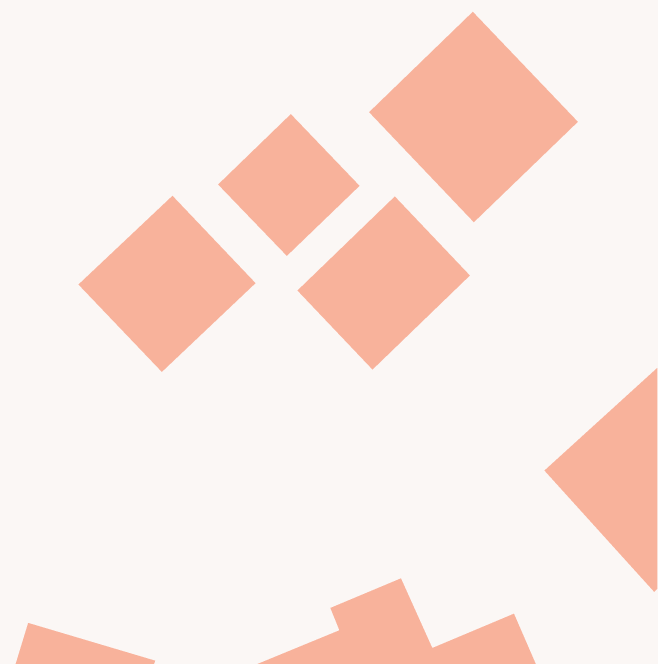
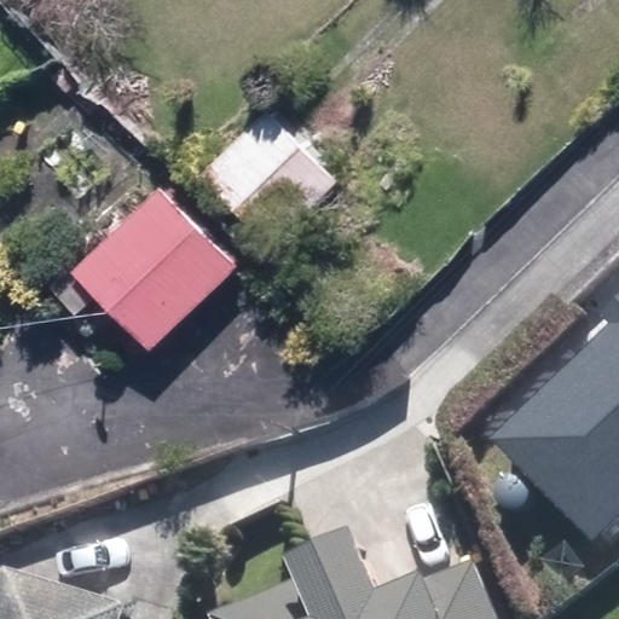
building: [368,11,579,223] -> none
building: [296,196,471,370] -> none

